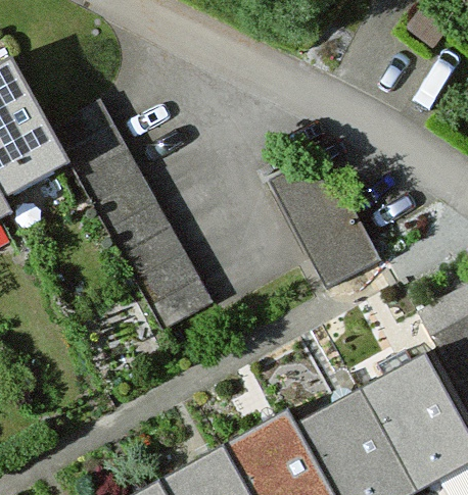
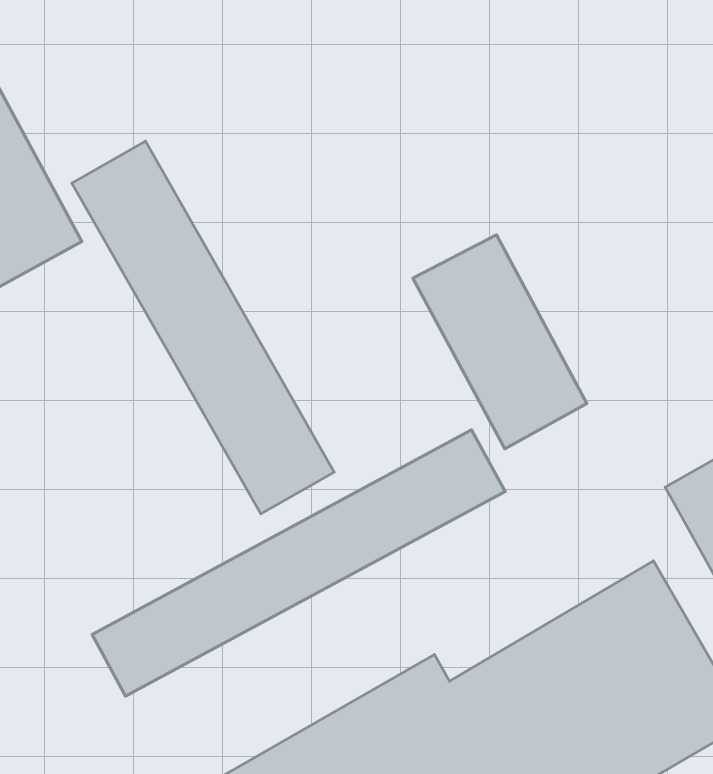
building: none -> [92,430,505,696]

